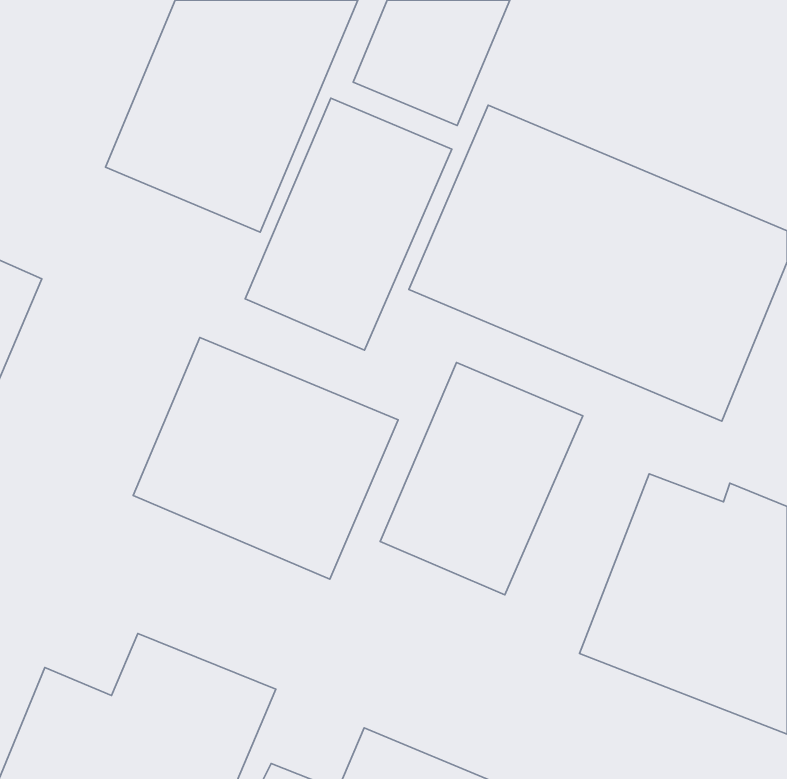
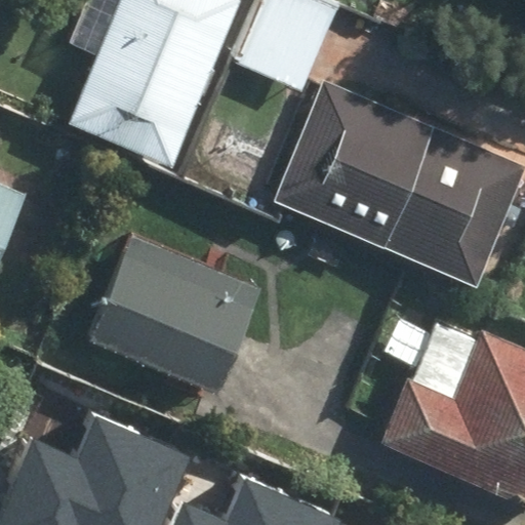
building: [245,98,452,350] -> none
building: [380,362,583,595] -> none

